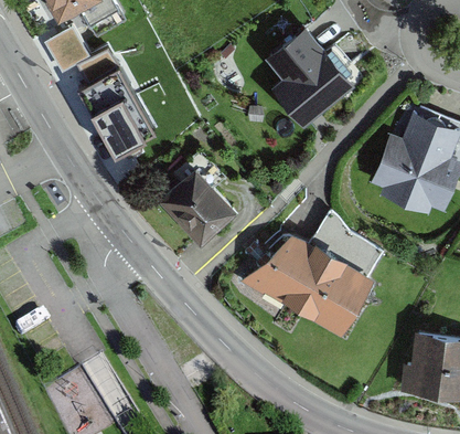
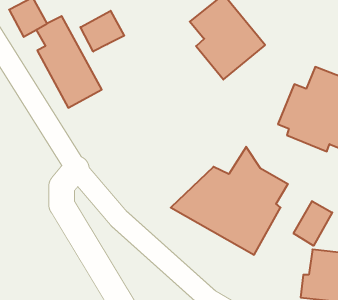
building: none -> [80,11,124,52]
building: [159,166,238,244] -> none
building: none -> [294,201,332,246]

